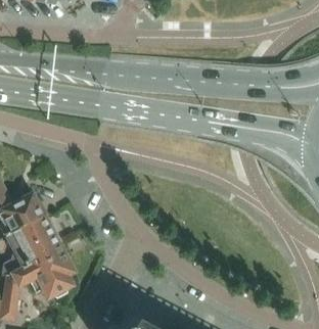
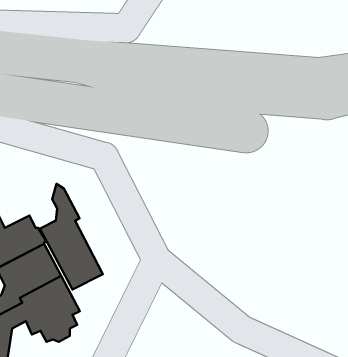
building: none -> [40,184,103,290]

